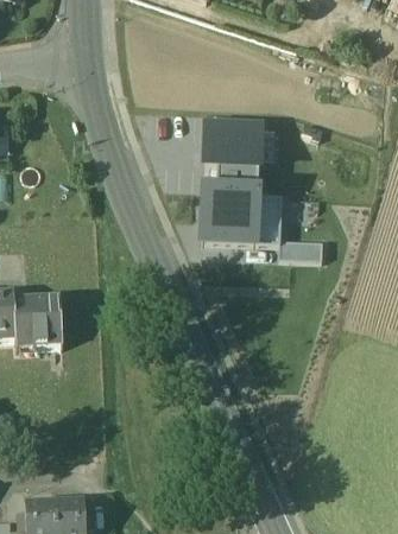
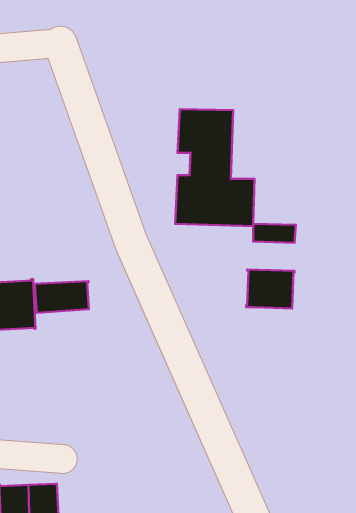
building: none -> [246,269,295,308]
building: none -> [33,281,89,313]

